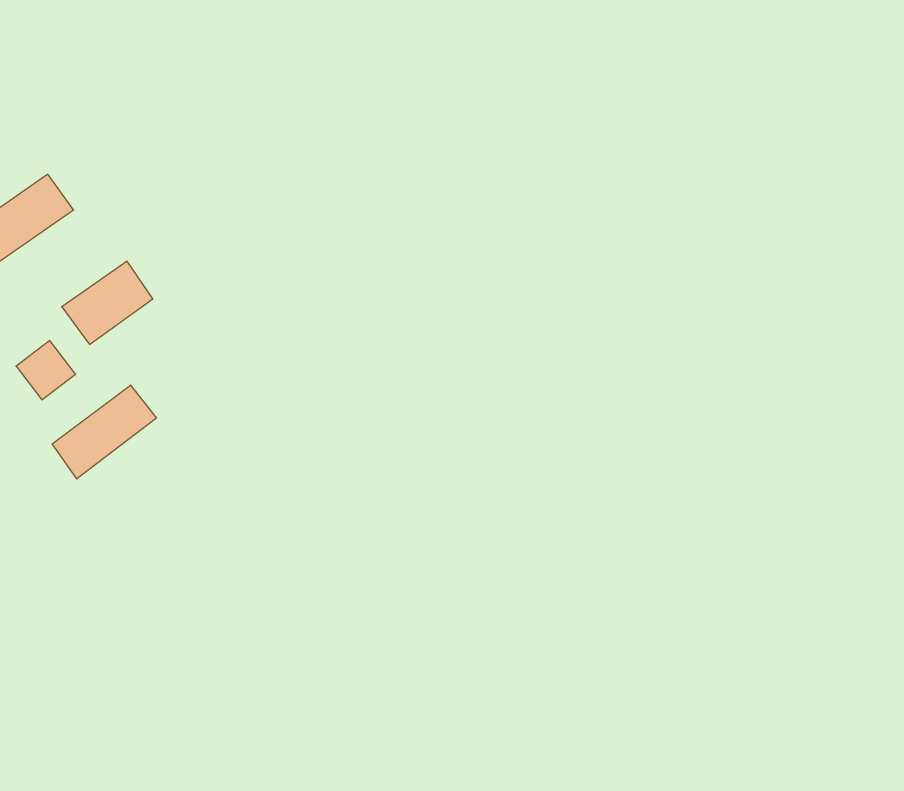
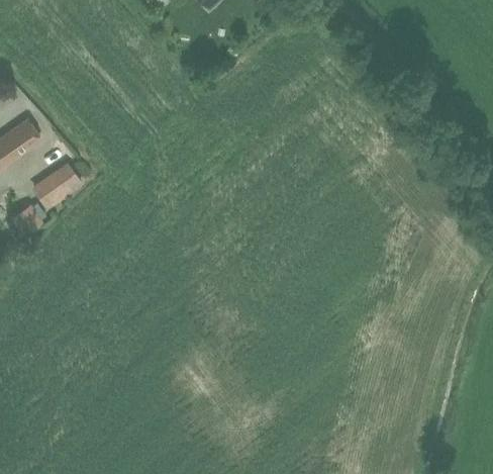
building: [52,385,156,479] -> none

